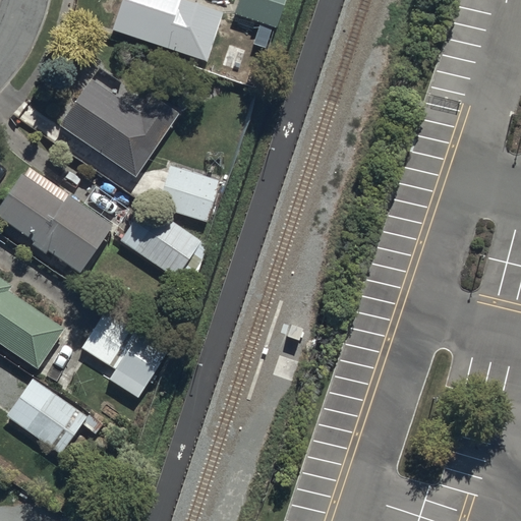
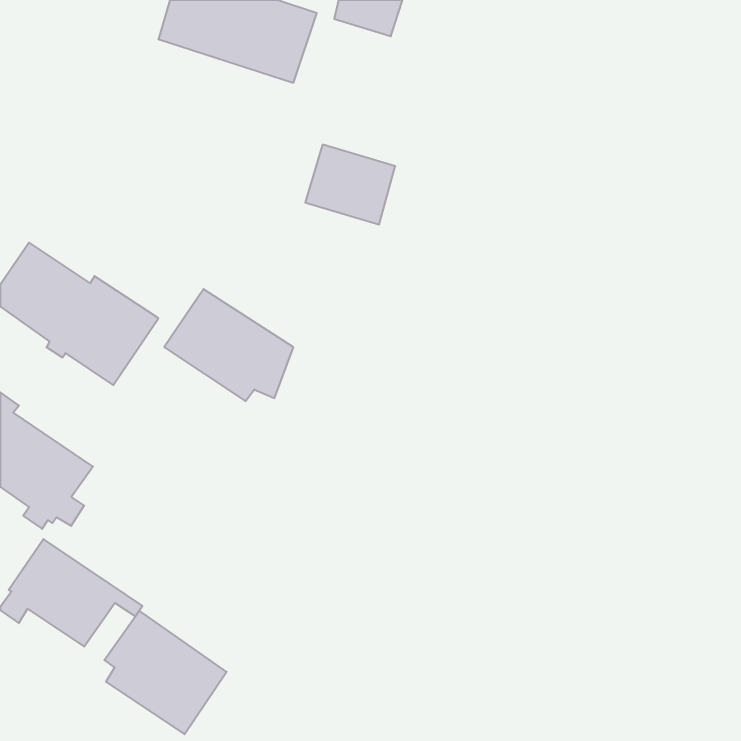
building: [59,77,180,177] -> none
building: [156,166,219,222] -> [305,145,395,224]
building: [81,311,167,398] -> [104,611,227,734]

